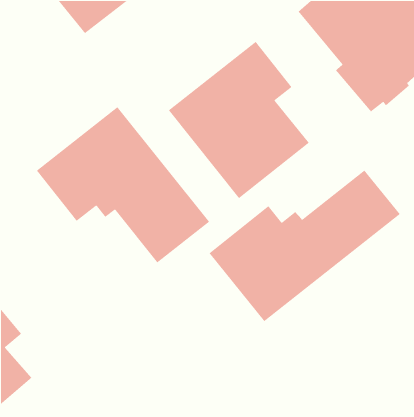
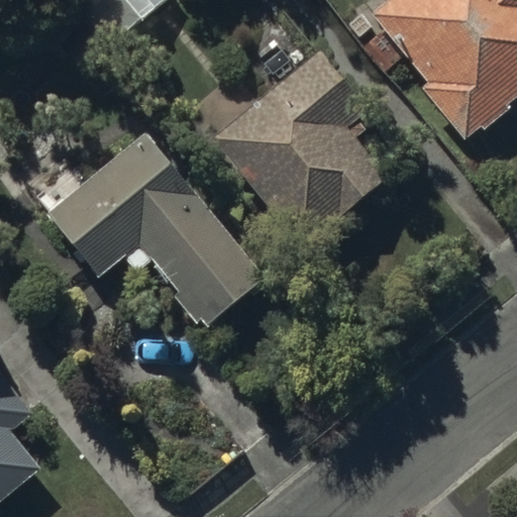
building: [208,169,401,322] -> none

